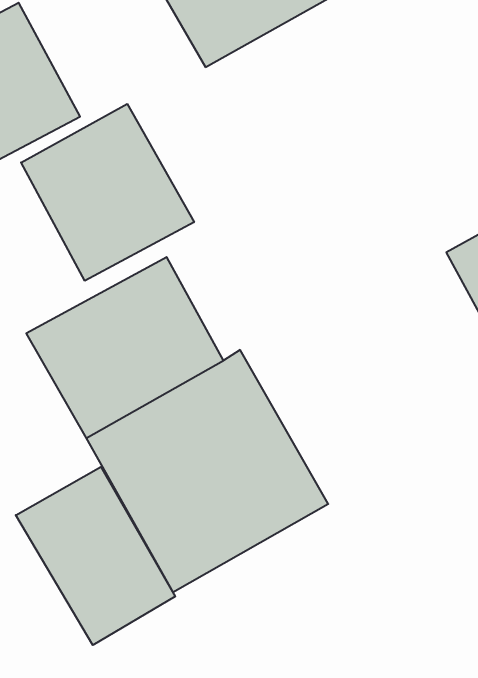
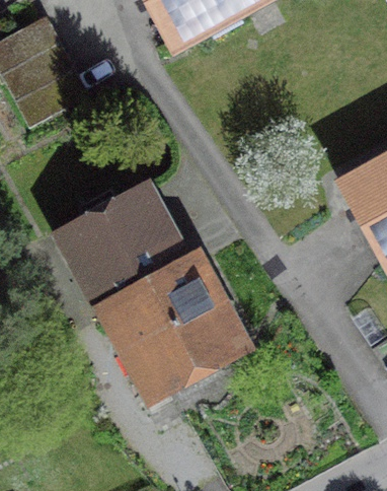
building: [21,104,194,281] -> none
building: [16,467,175,645] -> none

